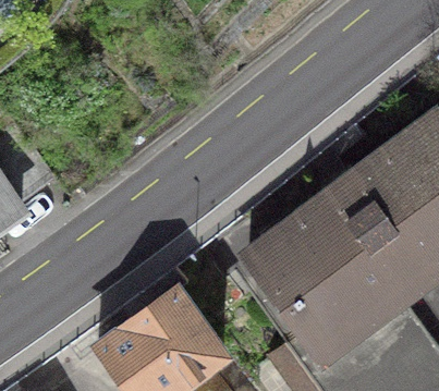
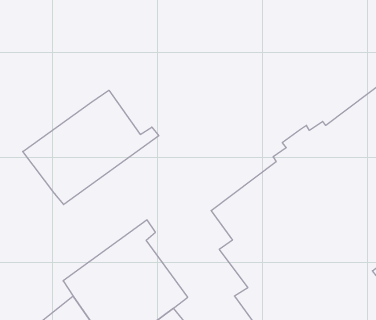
building: none -> [23,90,159,205]

